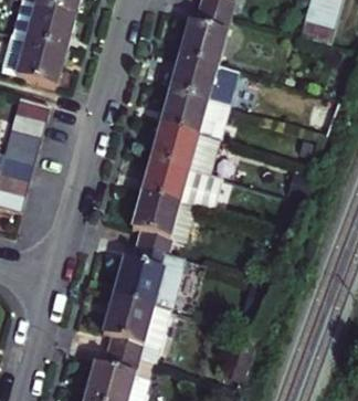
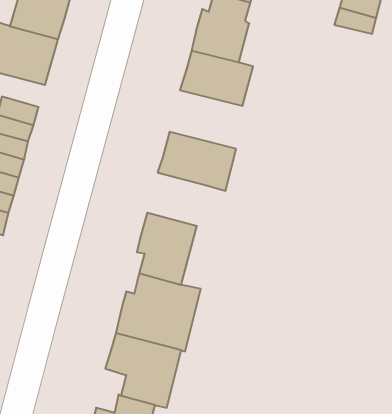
building: [158,89,224,139] -> none
building: [139,159,222,213] -> none

